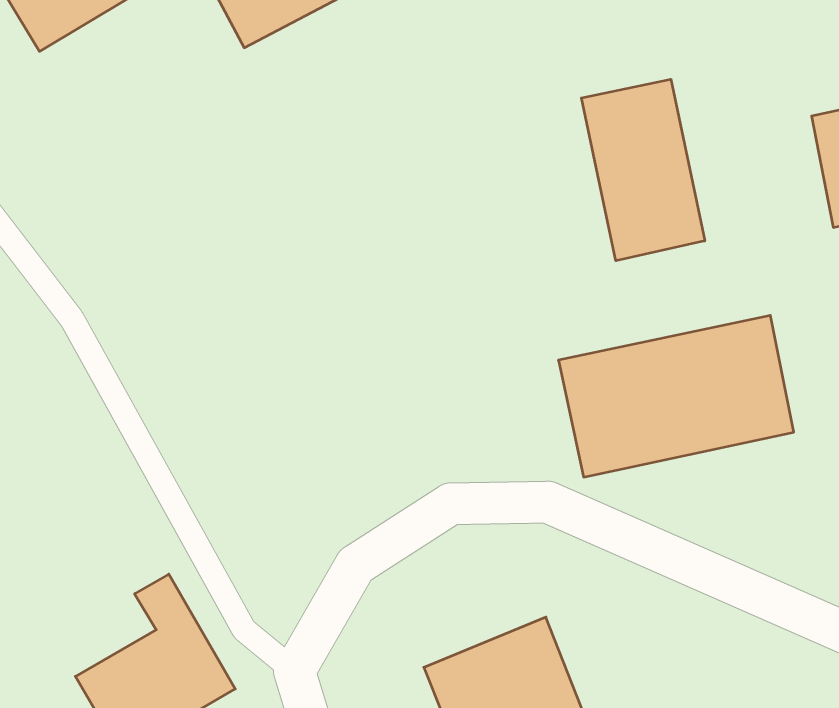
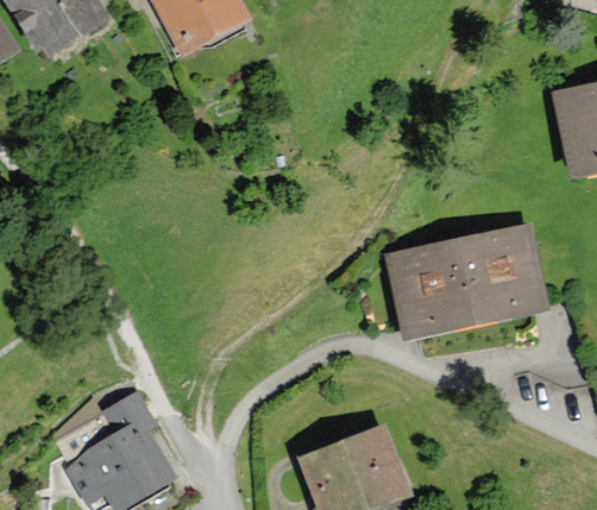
building: [581,79,705,261] -> none

